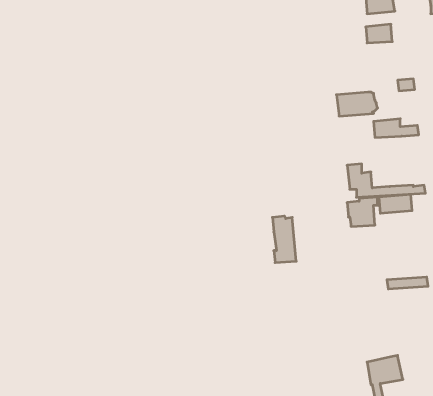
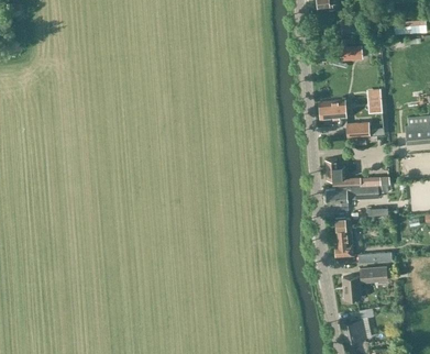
building: [272,216,296,263] -> [333,218,353,256]
building: none -> [342,267,387,300]

